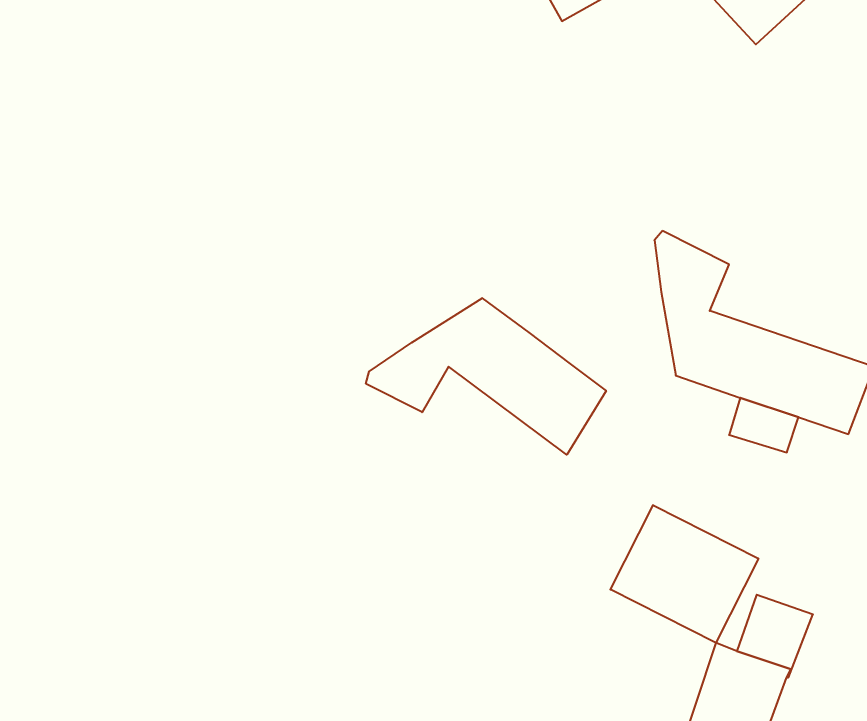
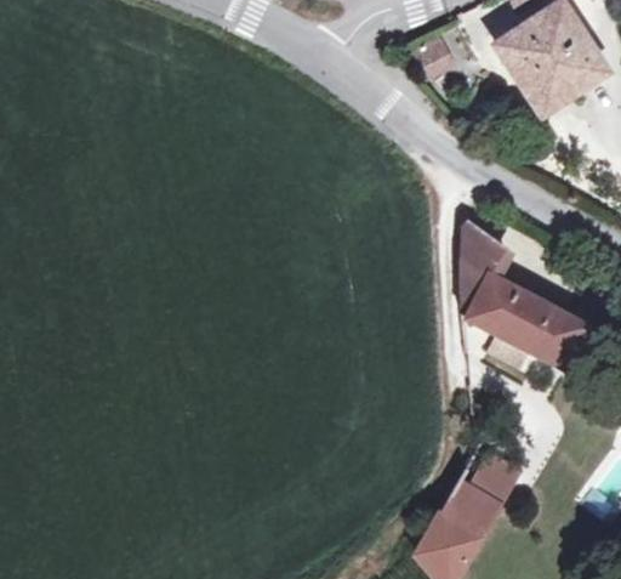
building: [366,298,606,455] -> none
building: [610,505,758,643] -> none

